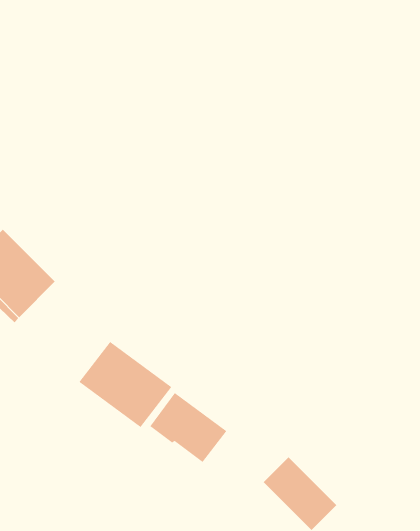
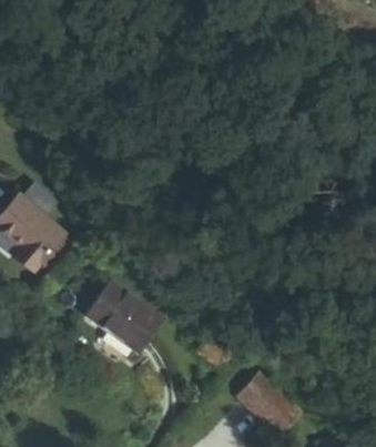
building: [149,392,227,463] -> none

